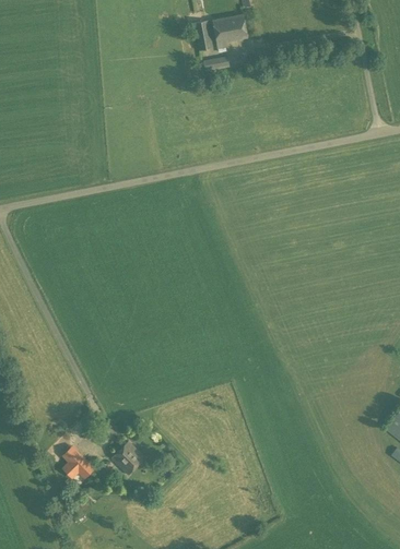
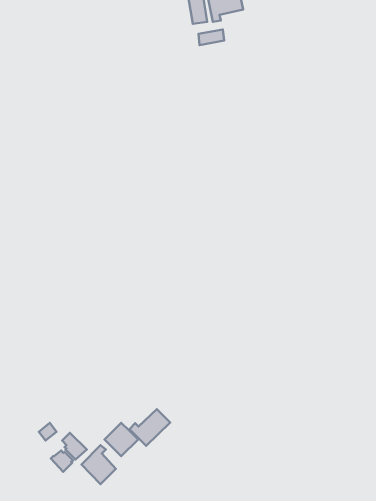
building: none -> [130,409,170,446]
building: none -> [81,445,116,484]

